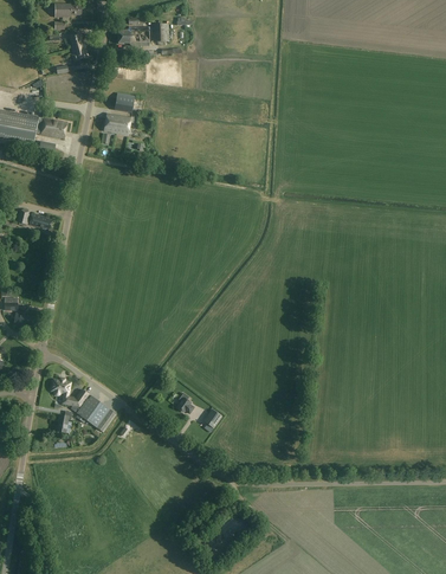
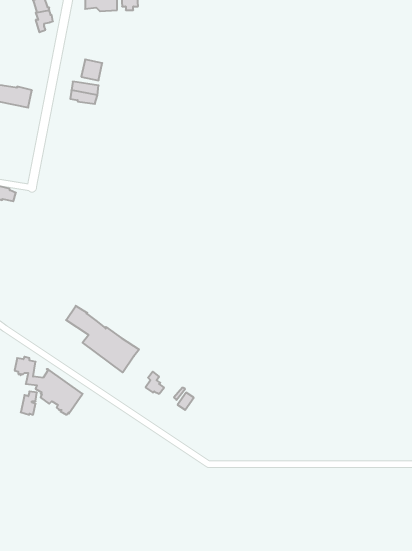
building: none -> [66,306,139,372]

